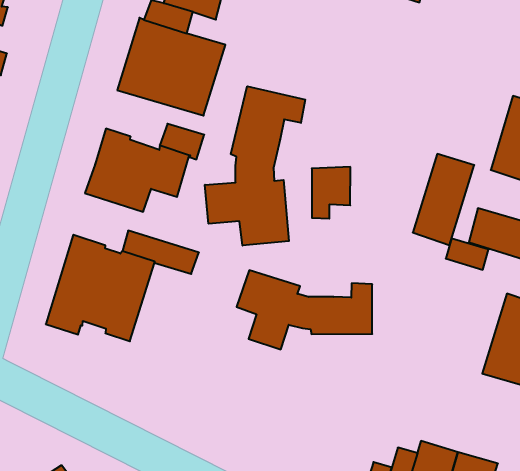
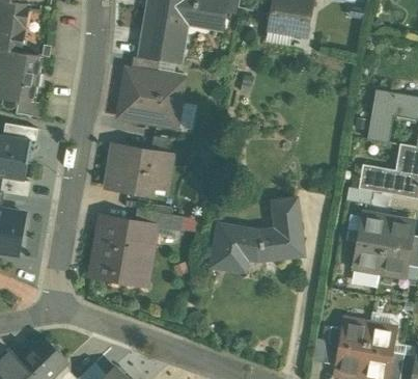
building: [205,86,305,246] -> none
building: [413,154,474,245] -> [354,214,388,272]
building: [312,167,350,219] -> [272,198,300,235]

